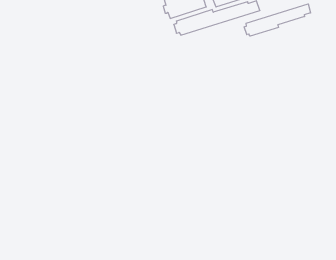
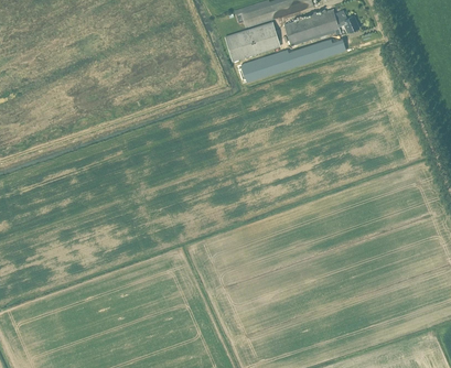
building: [244,4,311,36] -> none

